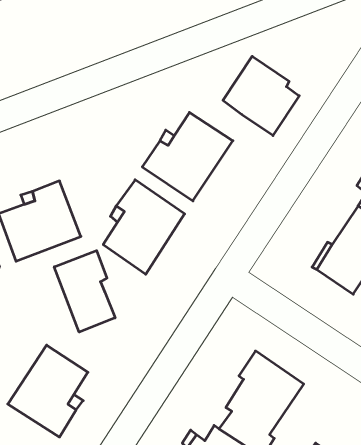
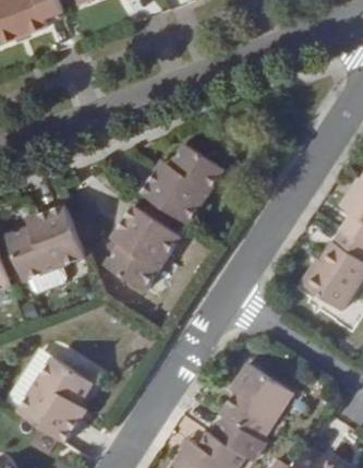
building: [223,56,299,136] -> none
building: [54,251,115,332] -> none

